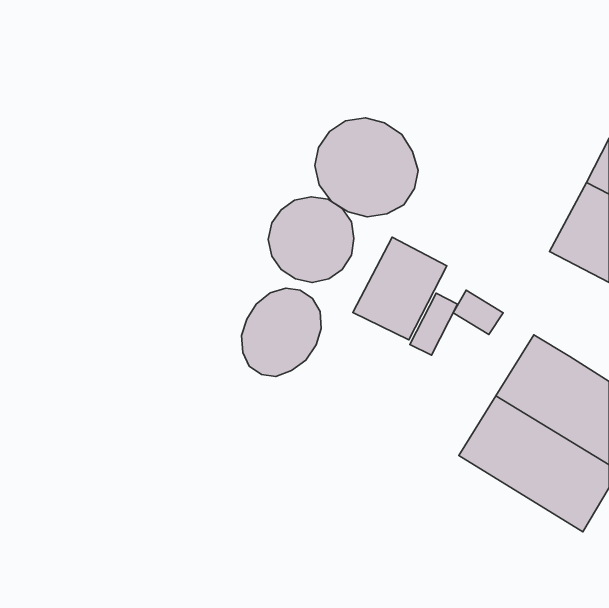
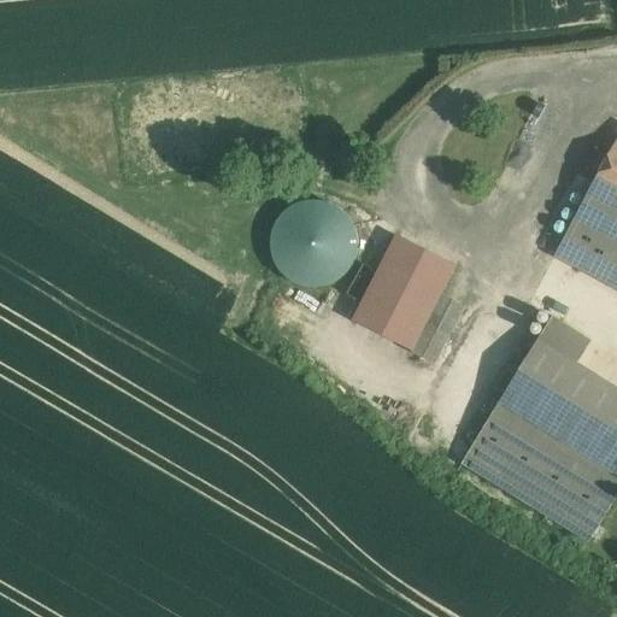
building: [315,118,418,217] -> none
building: [242,288,321,377] -> none
building: [453,290,503,334] -> [540,316,590,360]

